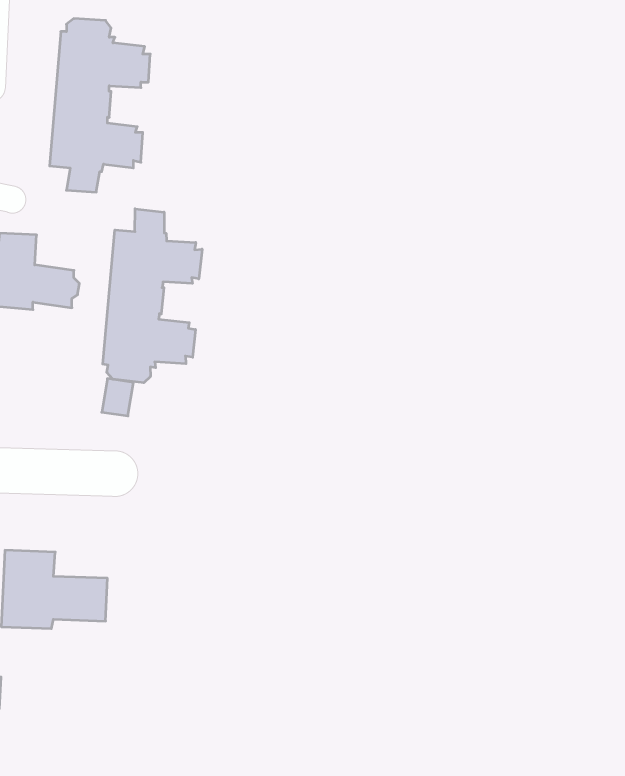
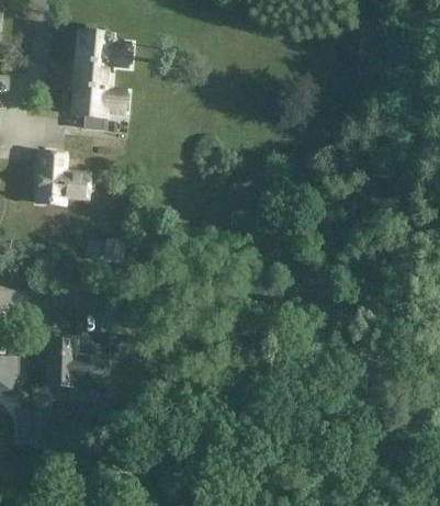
building: [103,209,202,383] -> none

